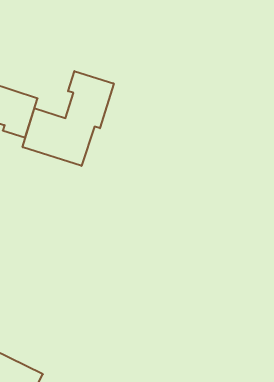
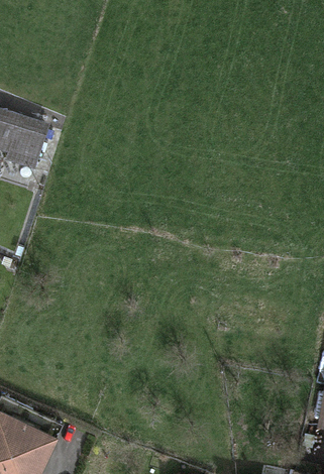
building: [23,71,114,166] -> none

